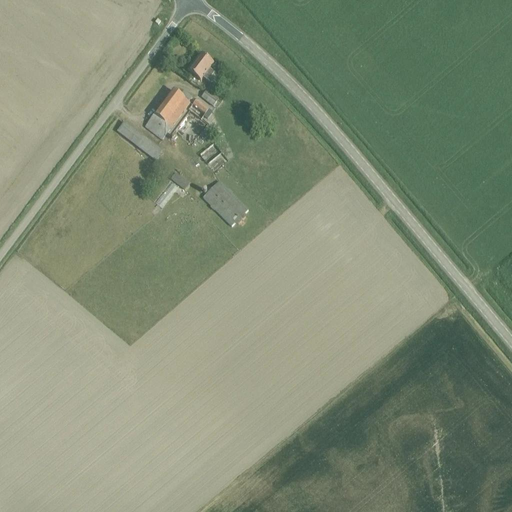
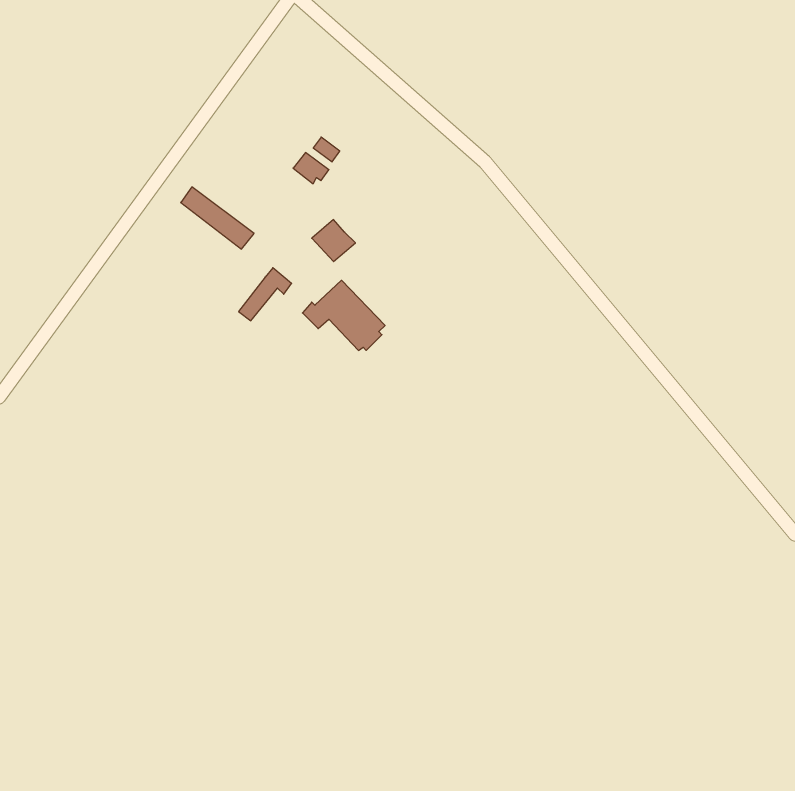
building: [187,52,217,82] -> none
building: [144,89,190,138] -> none

